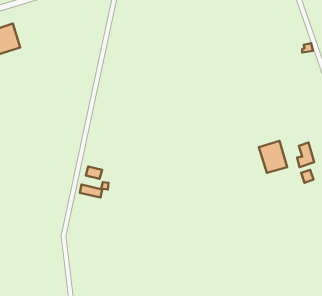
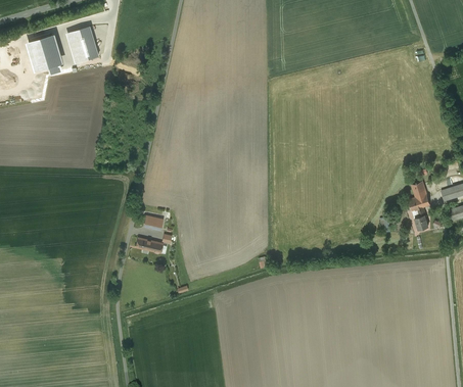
building: none -> [65,27,99,64]
building: [259,141,287,173] -> none

